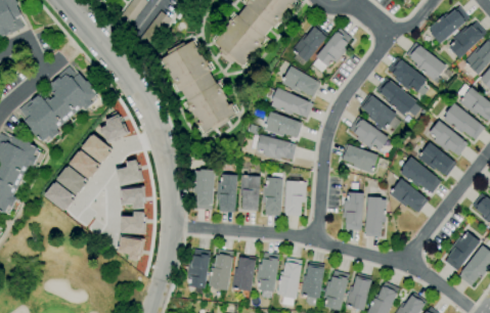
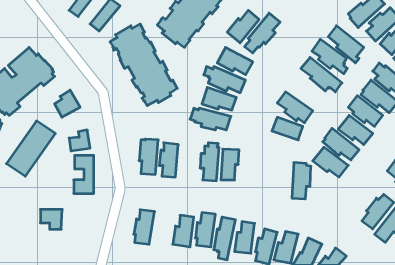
building: [360,94,400,130] -> none
building: [81,134,113,164] -> none
building: [239,175,260,211] -> none
building: [343,192,363,231] -> none
building: [118,238,142,261] -> [40,209,62,229]
building: [209,250,233,290] -> none

